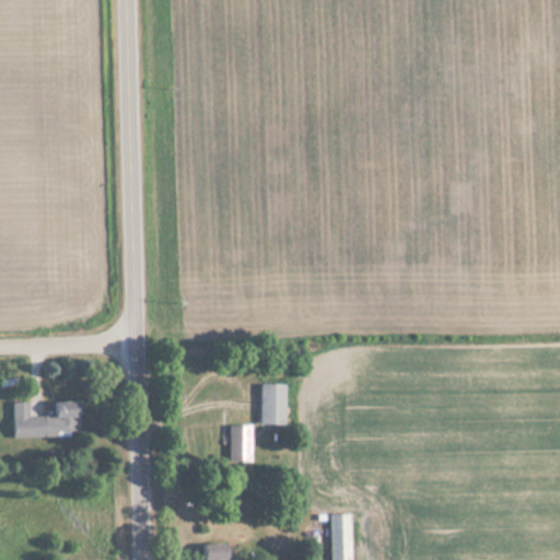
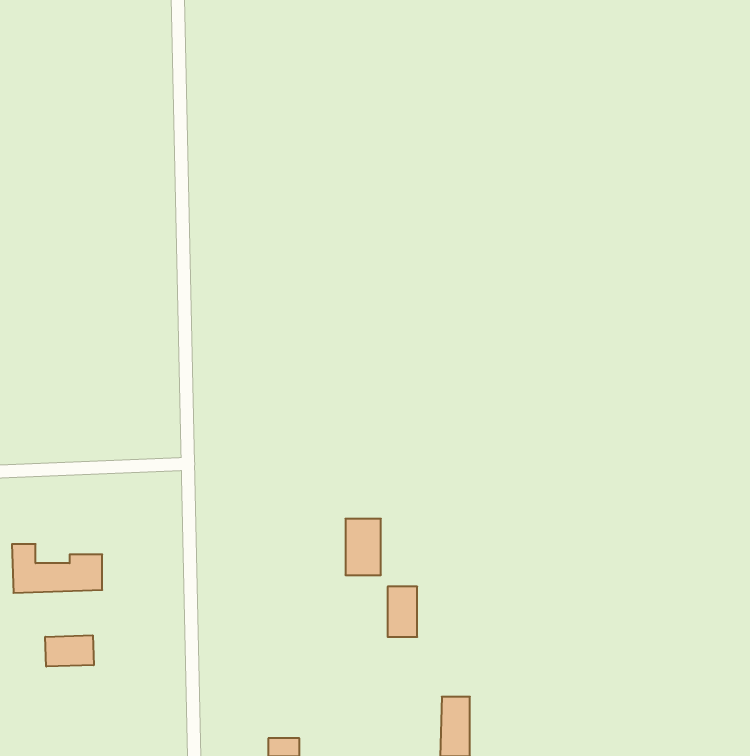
building: [231,424,253,462] -> [388,587,417,637]
building: none -> [45,635,94,667]

